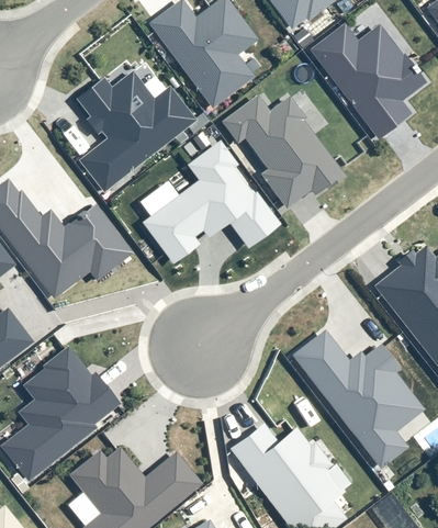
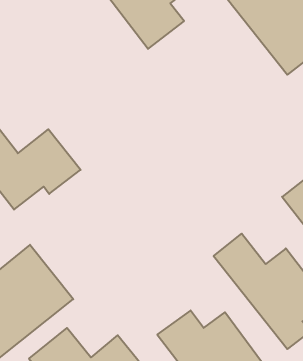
building: [75,71,198,193] -> none
building: [222,94,338,205] -> none
building: [139,143,280,267] -> none

